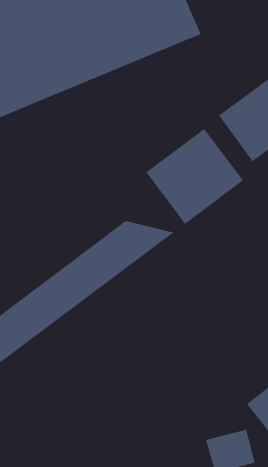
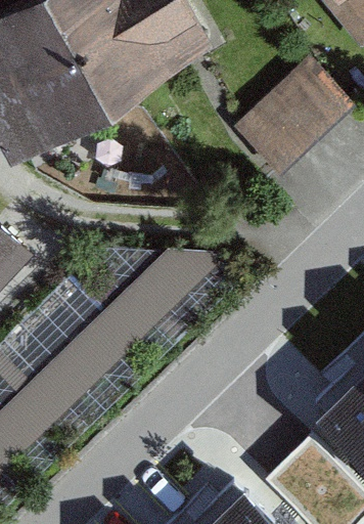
building: [146,128,244,225] -> none

